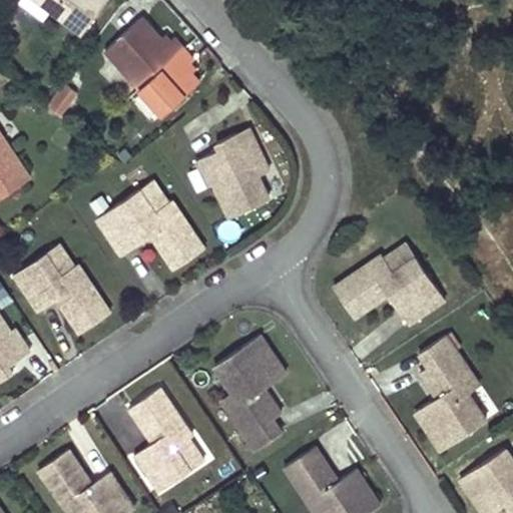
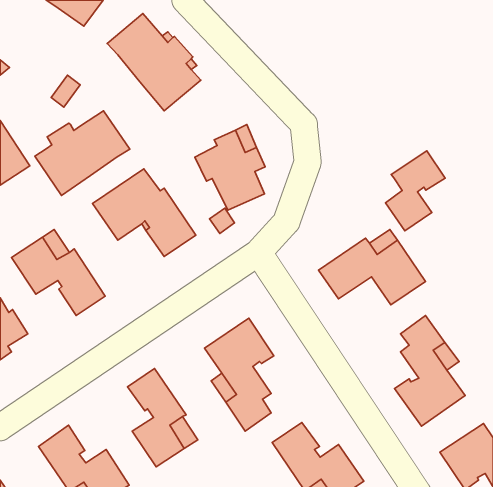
building: none -> [35,111,130,195]
building: none -> [386,151,445,231]

